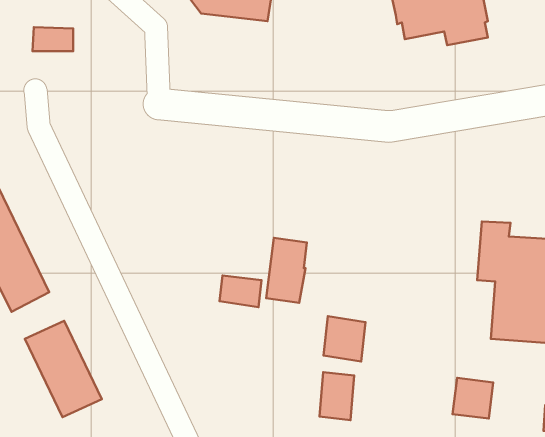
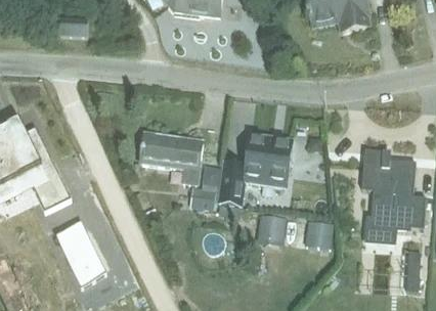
building: none -> [139,133,202,183]
building: none -> [243,134,292,188]
building: [319,372,354,420] -> none
building: [453,378,493,419] -> [304,221,332,249]

